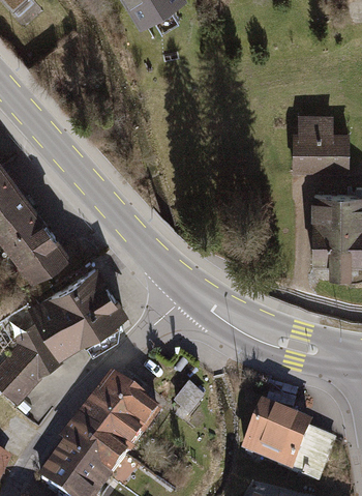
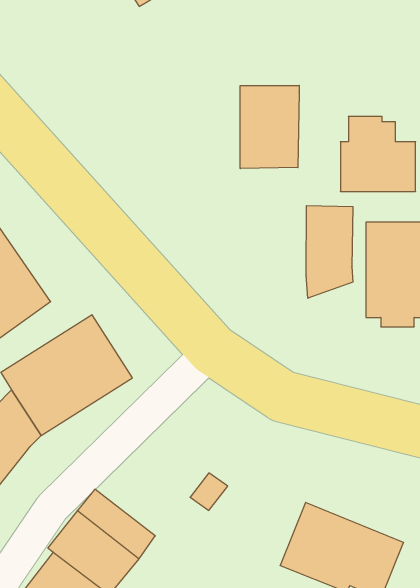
building: none -> [240,85,299,169]
building: none -> [306,206,353,298]
building: [100,378,162,434] -> none

